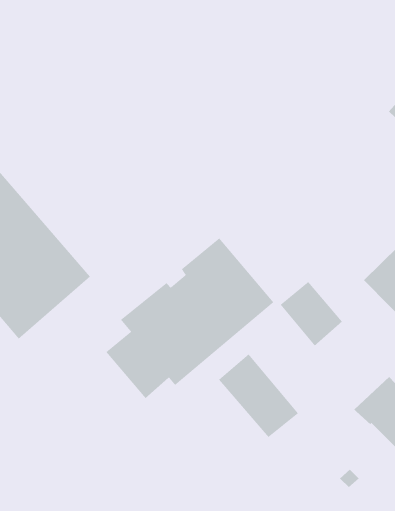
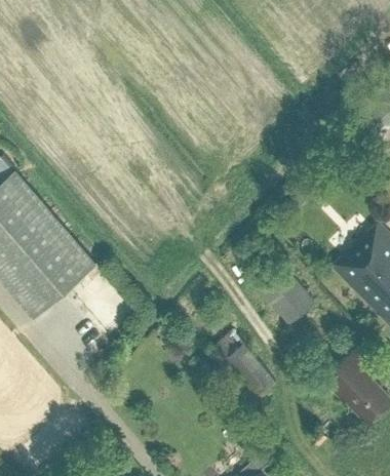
building: [105,238,274,399] -> none

